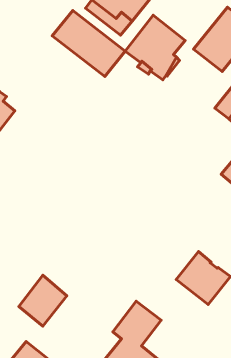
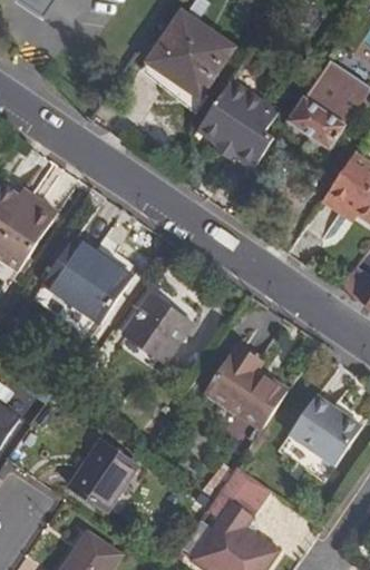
building: [52,11,125,76] -> none
building: none -> [43,237,130,323]
building: none -> [126,295,189,360]
building: none -> [205,344,286,426]

